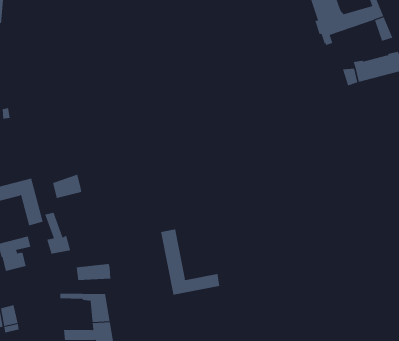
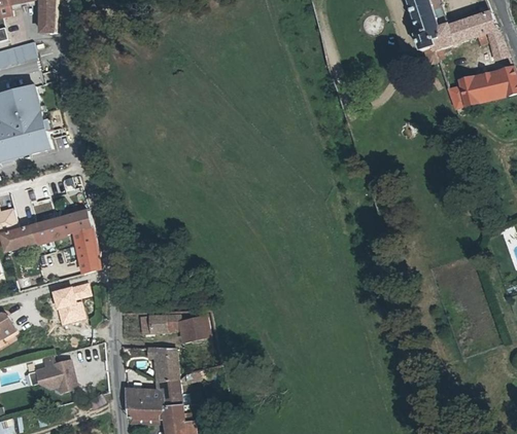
building: [53,174,82,199] -> none
building: [44,212,71,255] -> none
building: [160,229,220,295] -> none
building: none -> [179,313,209,341]

